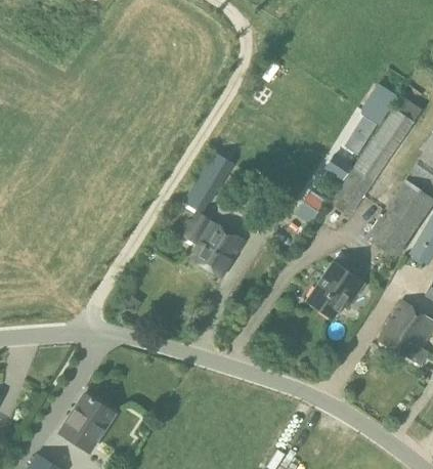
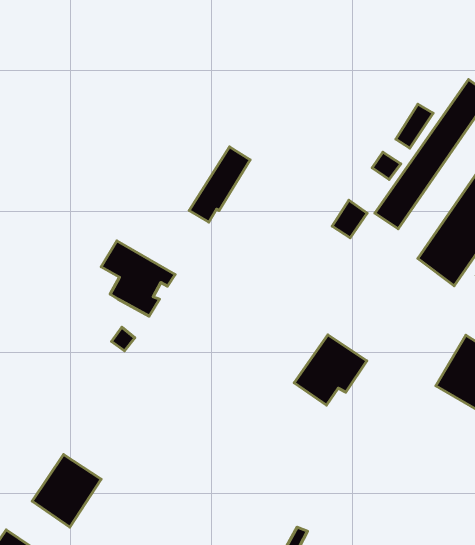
building: [362,86,396,126] -> none
building: [185,215,244,274] -> [101,241,175,316]
building: [307,263,364,318] -> [294,335,367,405]

